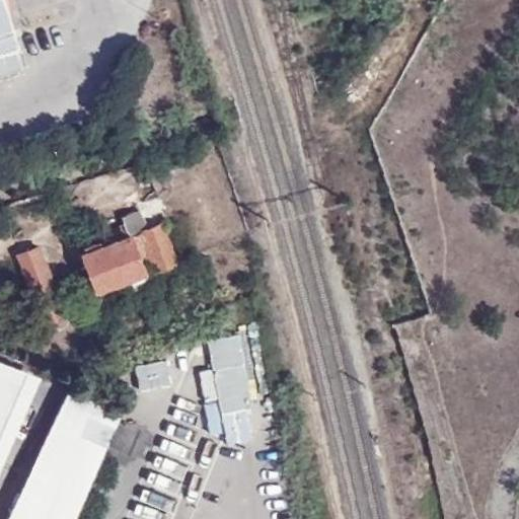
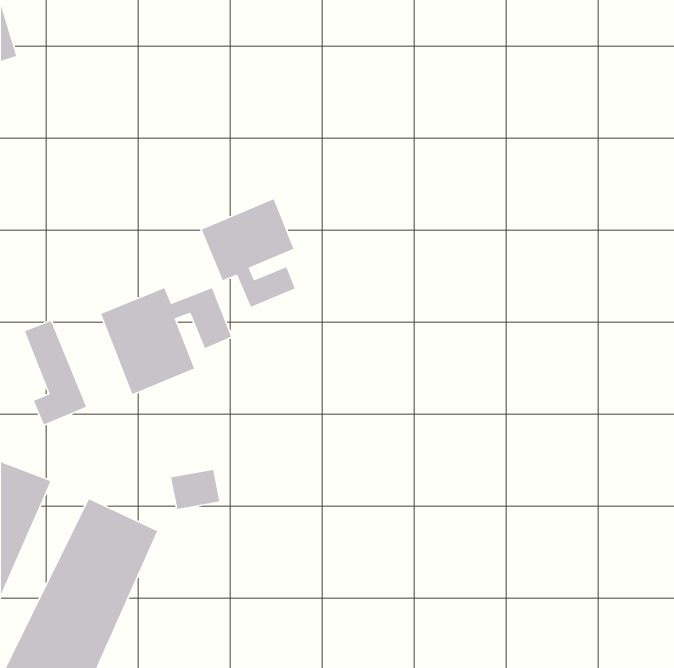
building: none -> [201,198,296,308]
building: [203,341,253,452] -> none

